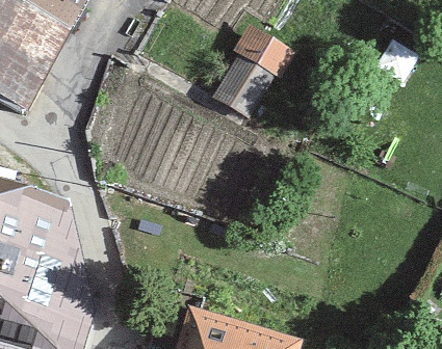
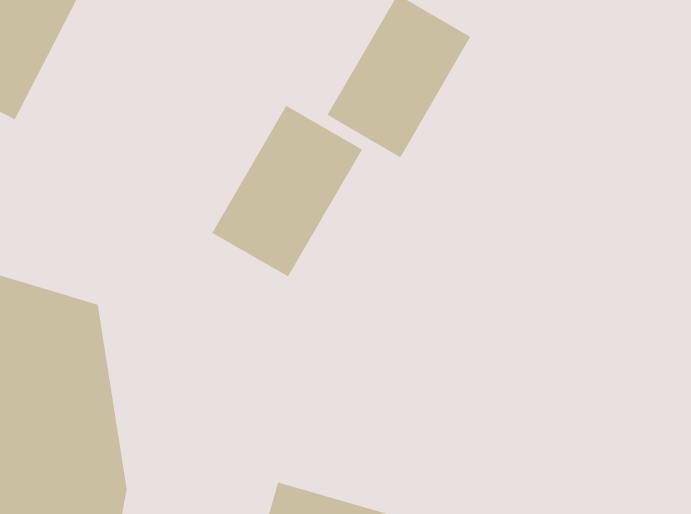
building: none -> [212,105,363,277]

